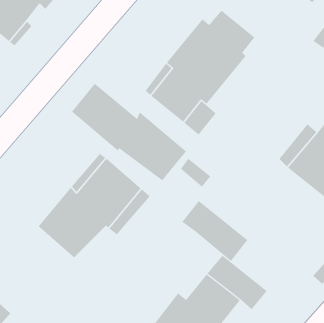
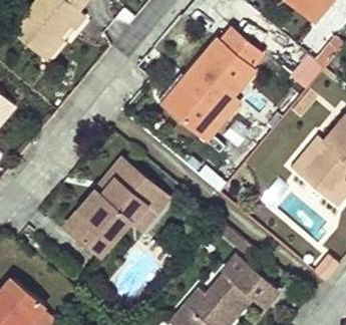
building: [71,83,187,181] -> none
building: [181,200,248,262] -> none

